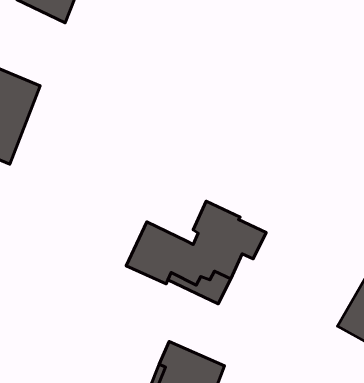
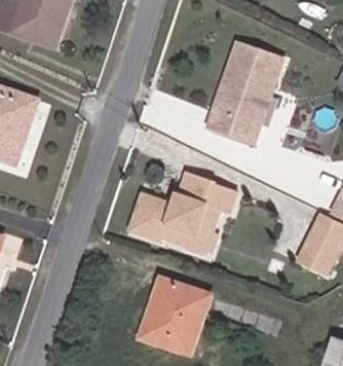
building: none -> [197,53,268,145]

